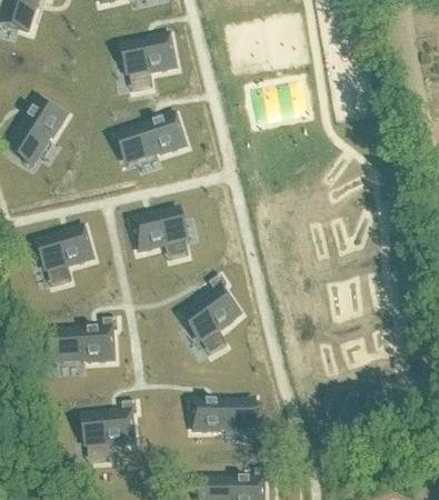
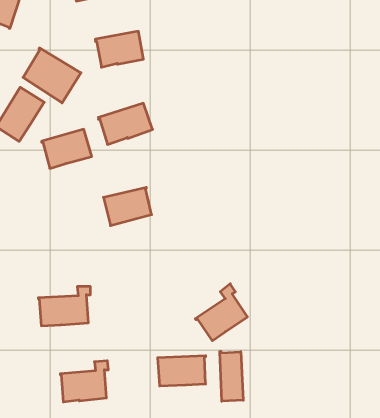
building: none -> [23,48,81,103]
building: [38,230,93,273] -> [42,129,92,168]
building: [181,277,239,340] -> [195,284,247,341]
building: none -> [220,351,243,401]

